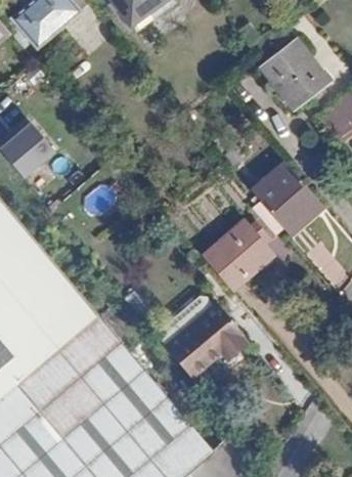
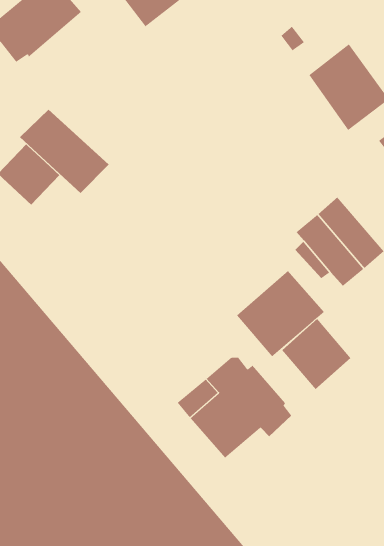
building: none -> [19,109,110,194]
building: none -> [281,318,351,390]

